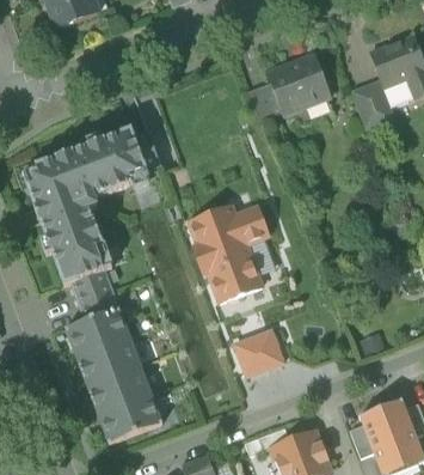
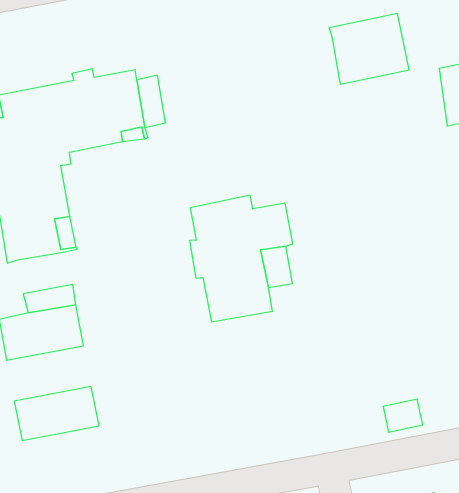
building: [246,80,281,118] -> none
building: [70,269,113,305] -> none
building: [234,329,282,374] -> none
building: [75,335,140,384] -> none
building: [97,391,161,441] -> none

